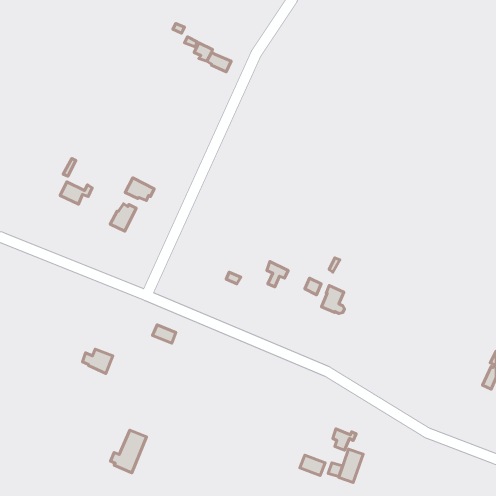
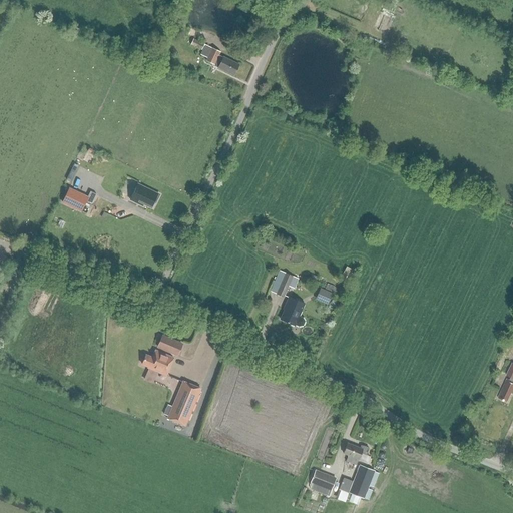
building: [110,204,136,231] -> none
building: [321,285,345,314] -> [281,296,305,325]
building: [83,349,113,373] -> [142,350,173,375]
building: [110,430,146,473] -> [163,381,200,425]

